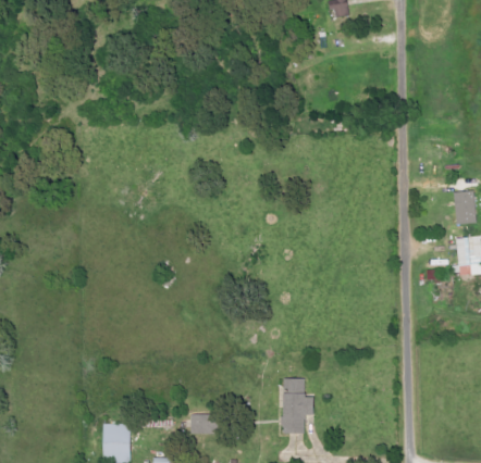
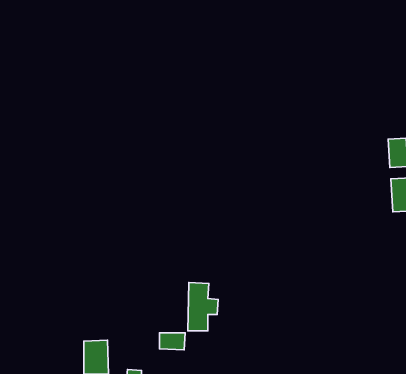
building: [281,378,316,434] -> [188,283,218,331]

